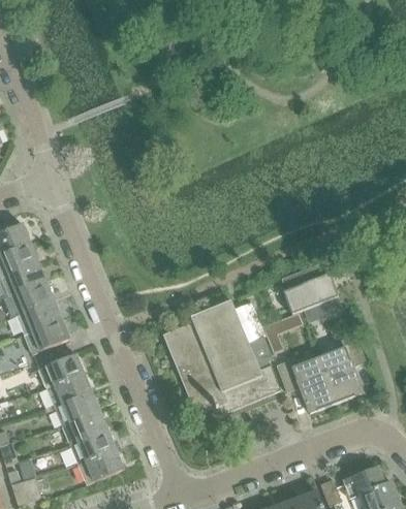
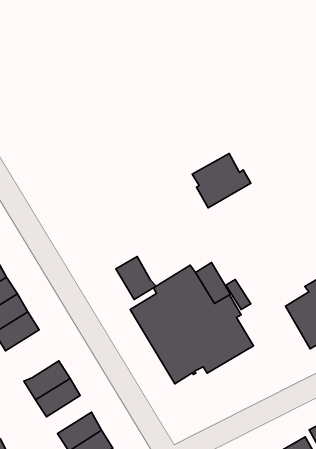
building: [281,264,338,315] -> [192,154,251,208]
building: none -> [116,256,156,300]
building: [38,354,84,388] -> none
building: [276,357,336,414] -> none
building: [62,412,107,446] -> none

